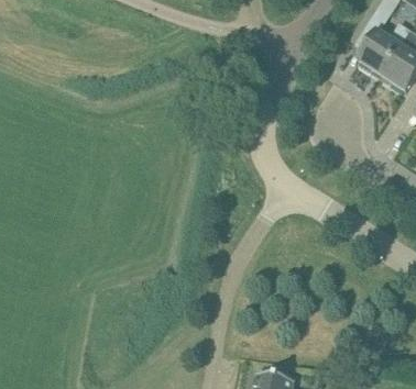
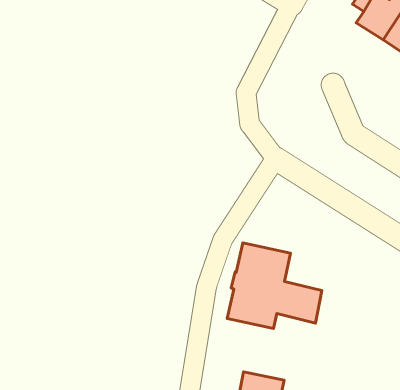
building: none -> [227,243,322,328]

